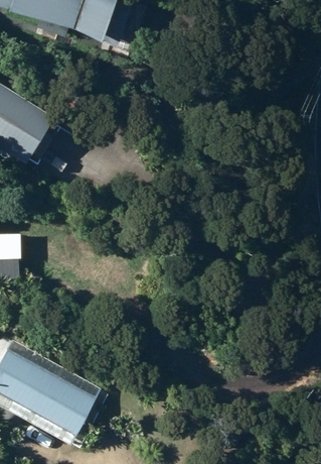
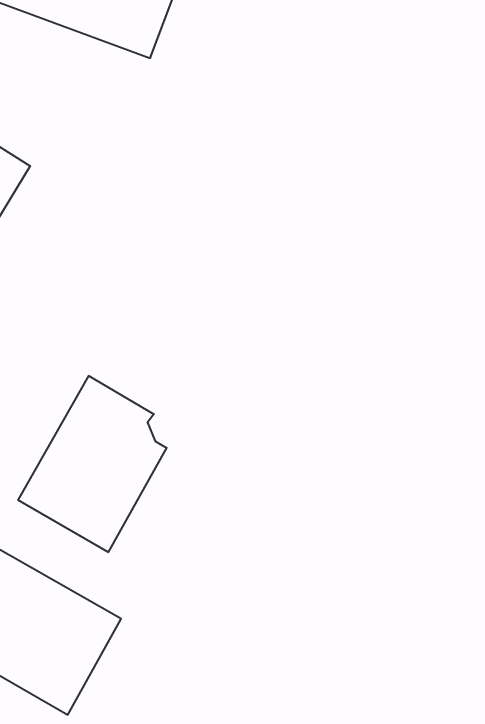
building: none -> [18,376,167,552]

